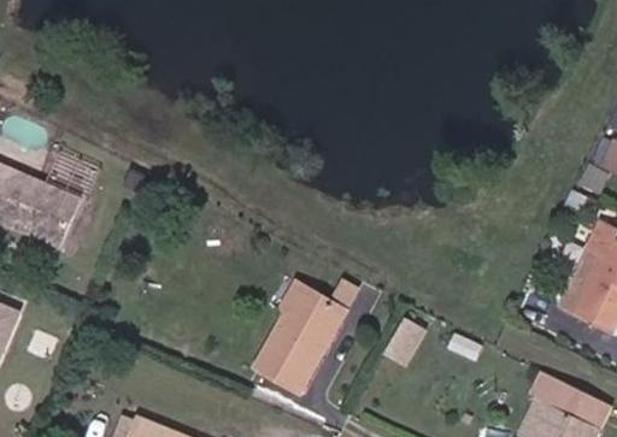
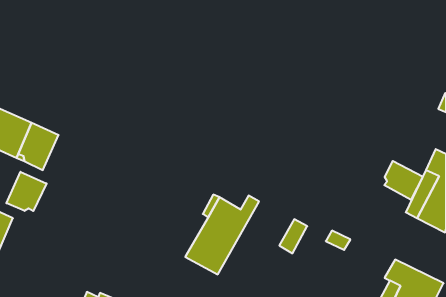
building: none -> [384,161,423,200]
building: none -> [6,172,47,211]

